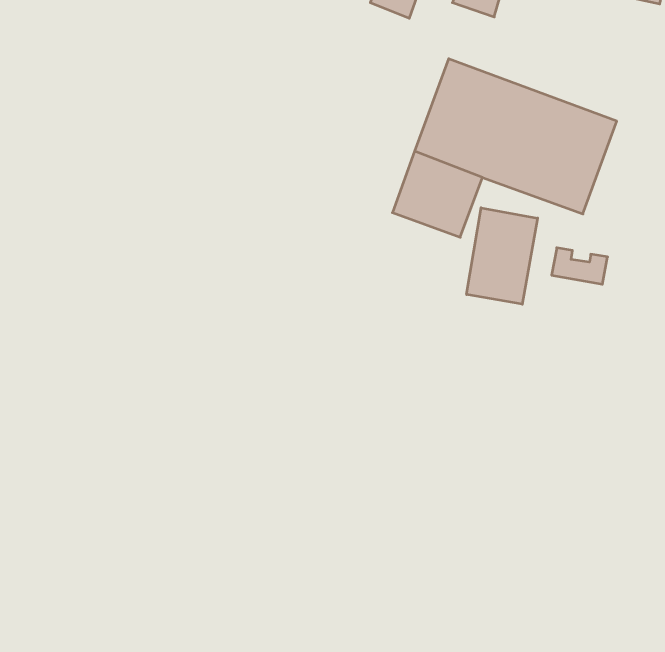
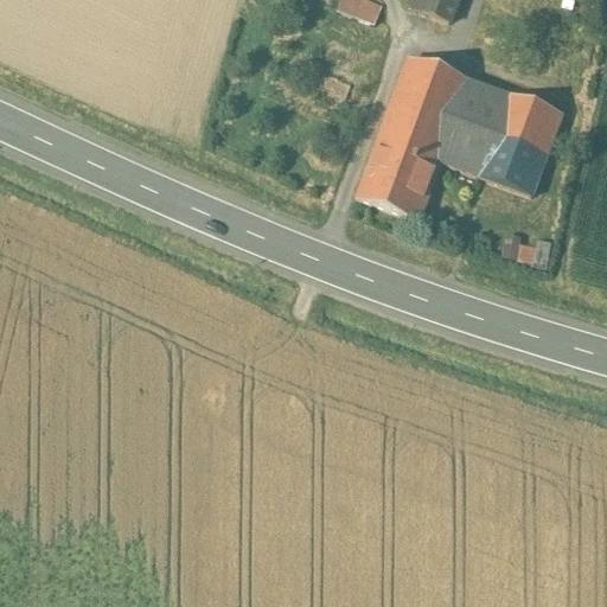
building: [467,208,538,304] -> none

